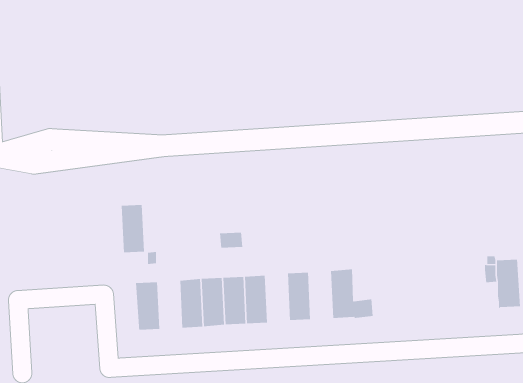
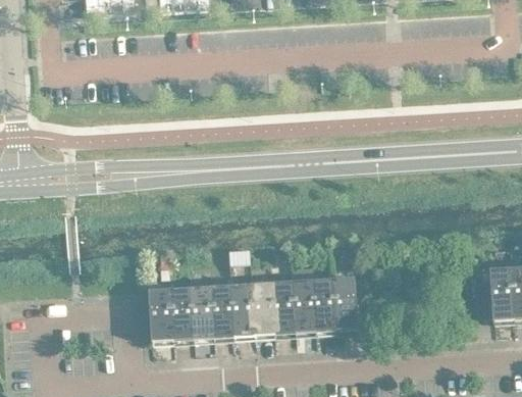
building: [121,204,145,253] -> [171,293,194,339]
building: none -> [314,284,336,330]
building: none -> [273,286,296,333]

